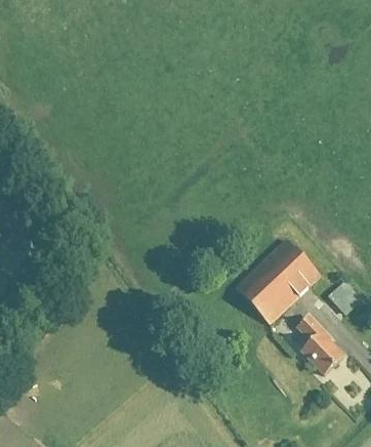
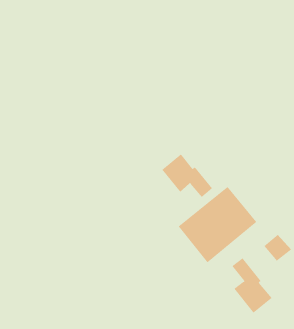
building: none -> [161,153,213,198]

